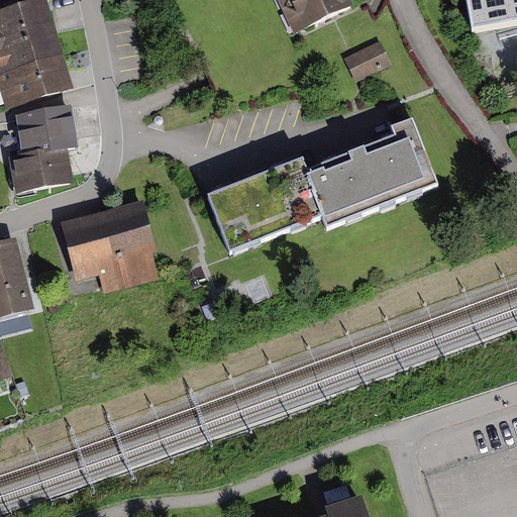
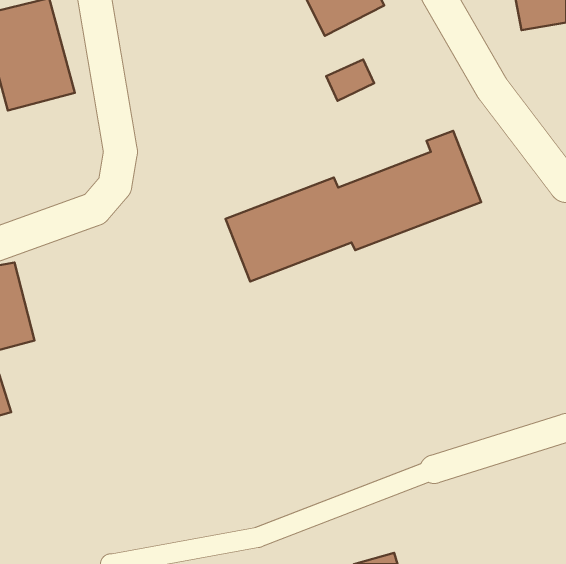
building: [344,39,388,77] -> [326,60,374,101]
building: [9,108,79,189] -> none
building: [62,201,157,293] -> none

